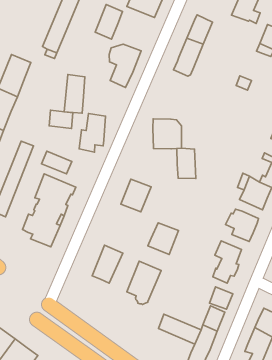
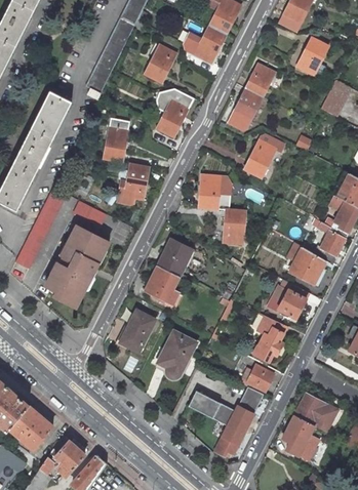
building: none -> [243,134,283,177]
building: [49,110,73,129] -> none
building: [148,223,178,254] -> [144,266,178,301]

